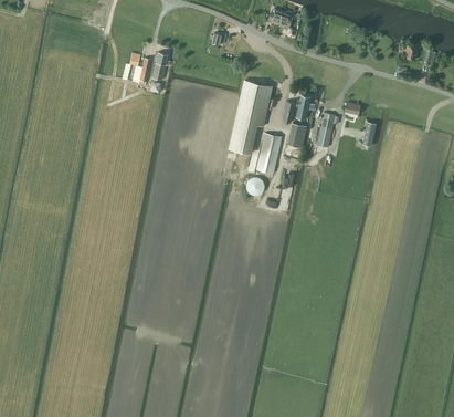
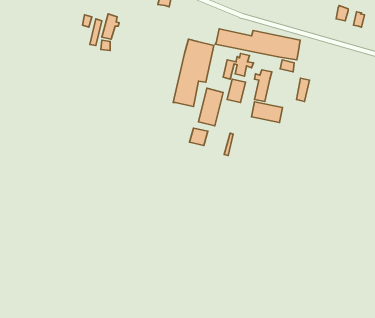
building: none -> [215,29,300,60]
building: none -> [251,102,282,122]

